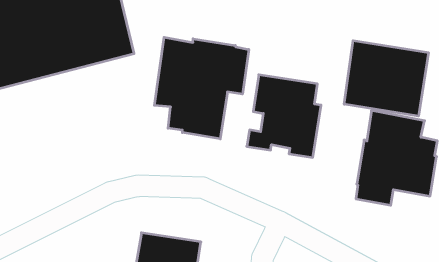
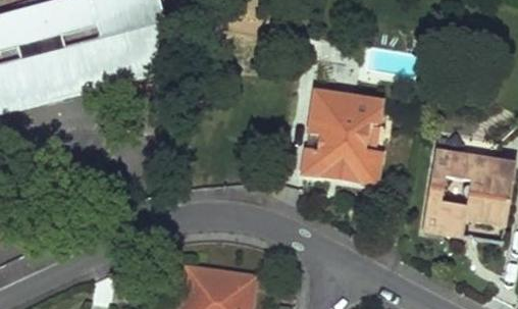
building: [154,37,249,139] -> none
building: [344,41,428,116] -> none

